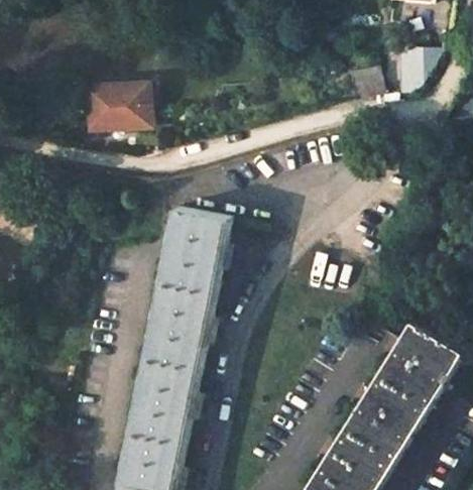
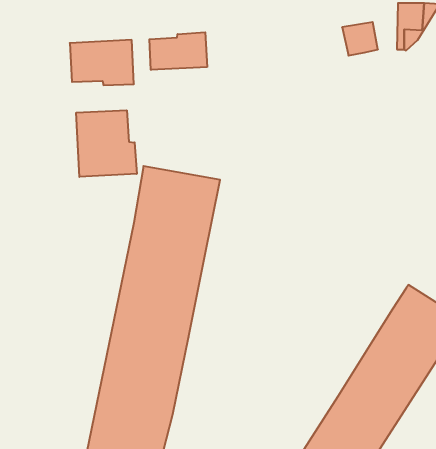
building: none -> [149,32,207,70]
building: none -> [76,110,137,177]

